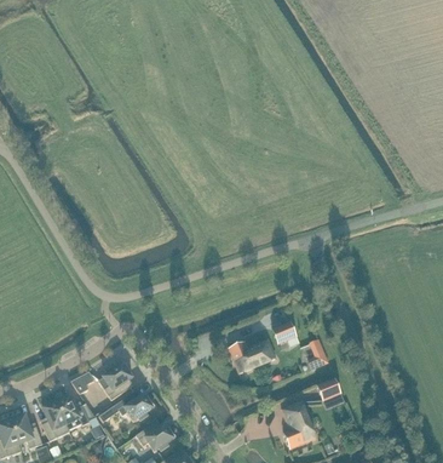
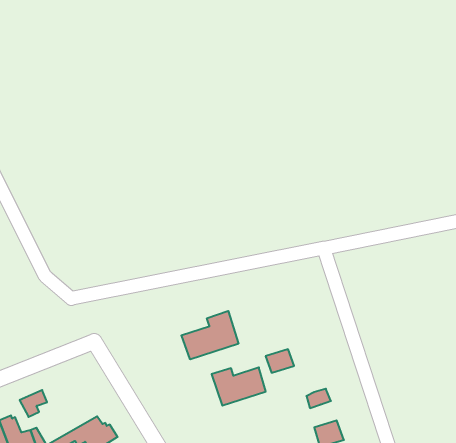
building: none -> [181,311,238,359]
building: [97,364,132,401] -> none

